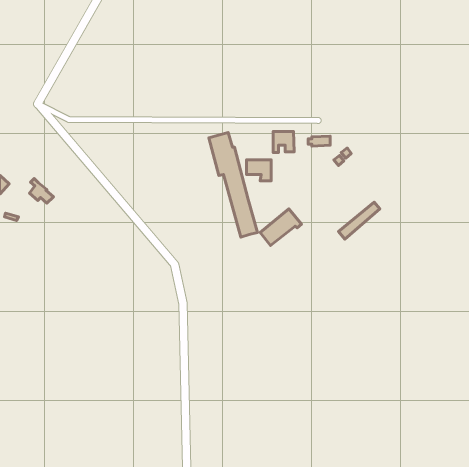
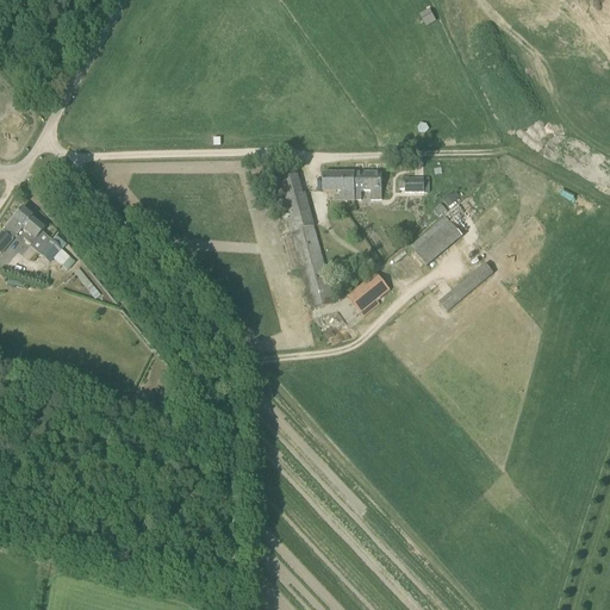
building: none -> [6,205,45,243]
building: [246,160,271,181] -> [322,170,354,198]
building: none -> [410,212,463,264]

